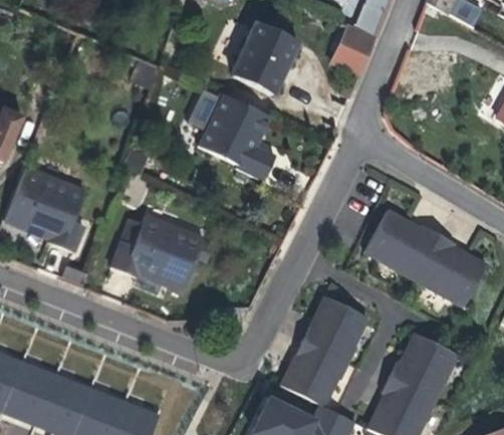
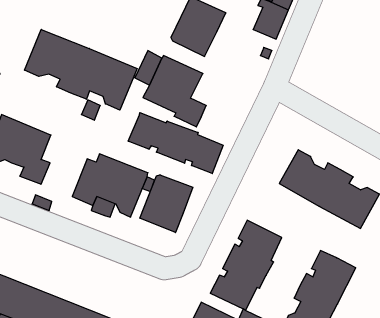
building: none -> [25,29,137,110]
building: none -> [128,113,223,174]
building: none -> [140,175,193,233]

